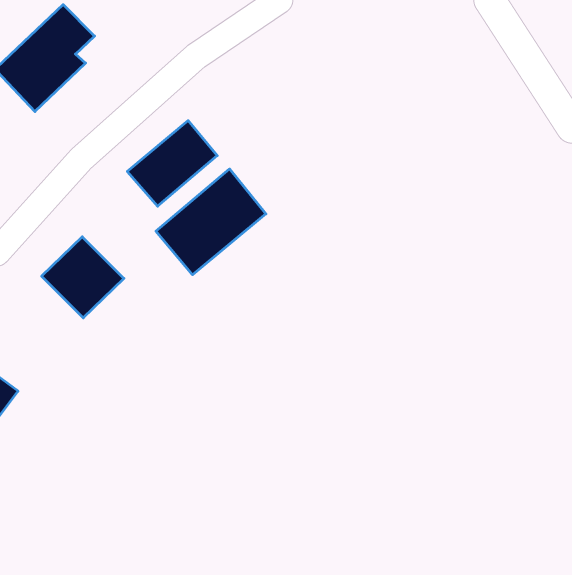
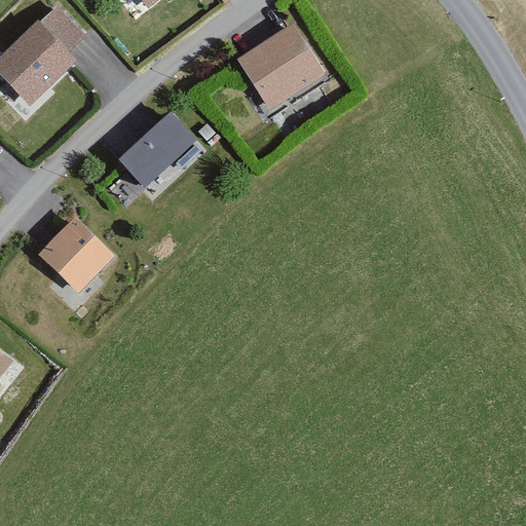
building: none -> [234,25,325,110]
building: [156,169,266,275] -> none

